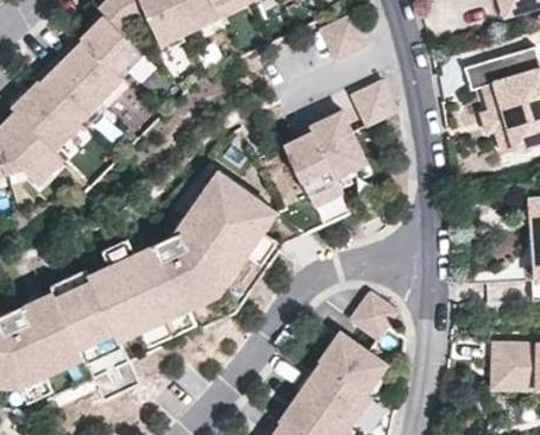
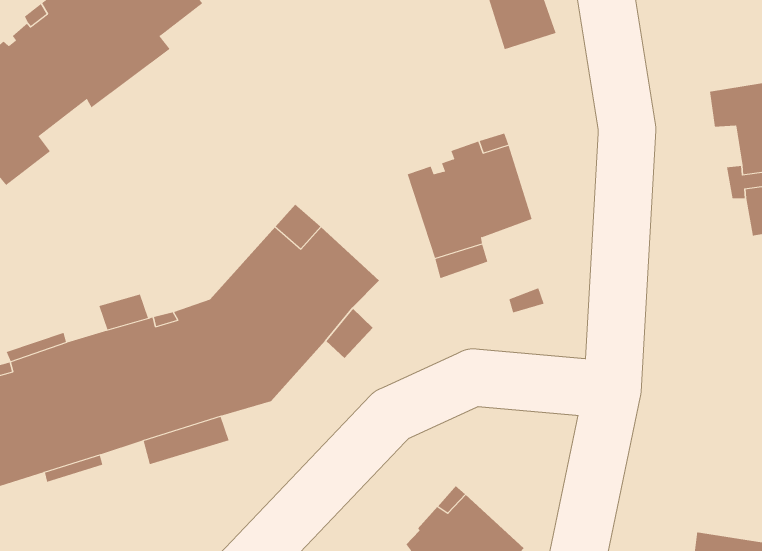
building: [351,80,396,125] -> none
building: [349,292,396,339] -> none

